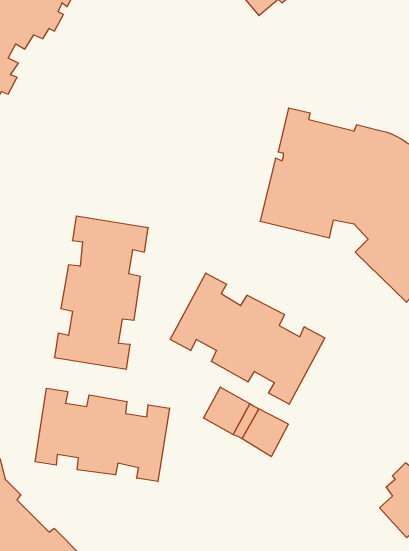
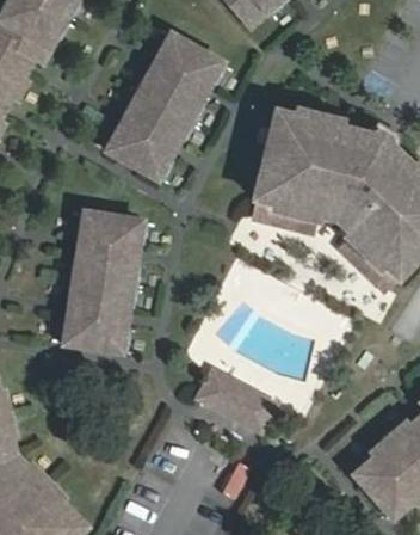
building: none -> [101,31,224,180]
building: [170,273,325,404] -> none
building: [35,388,169,482] -> none

